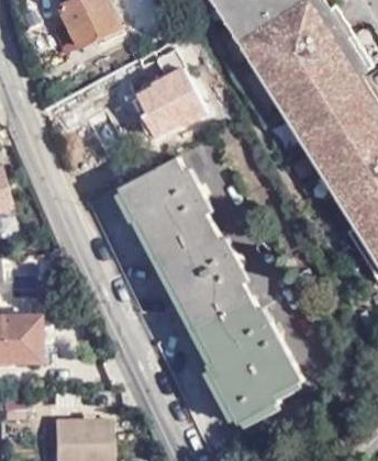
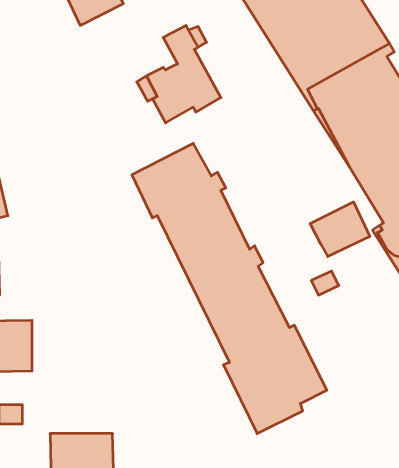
building: none -> [310,202,370,257]

